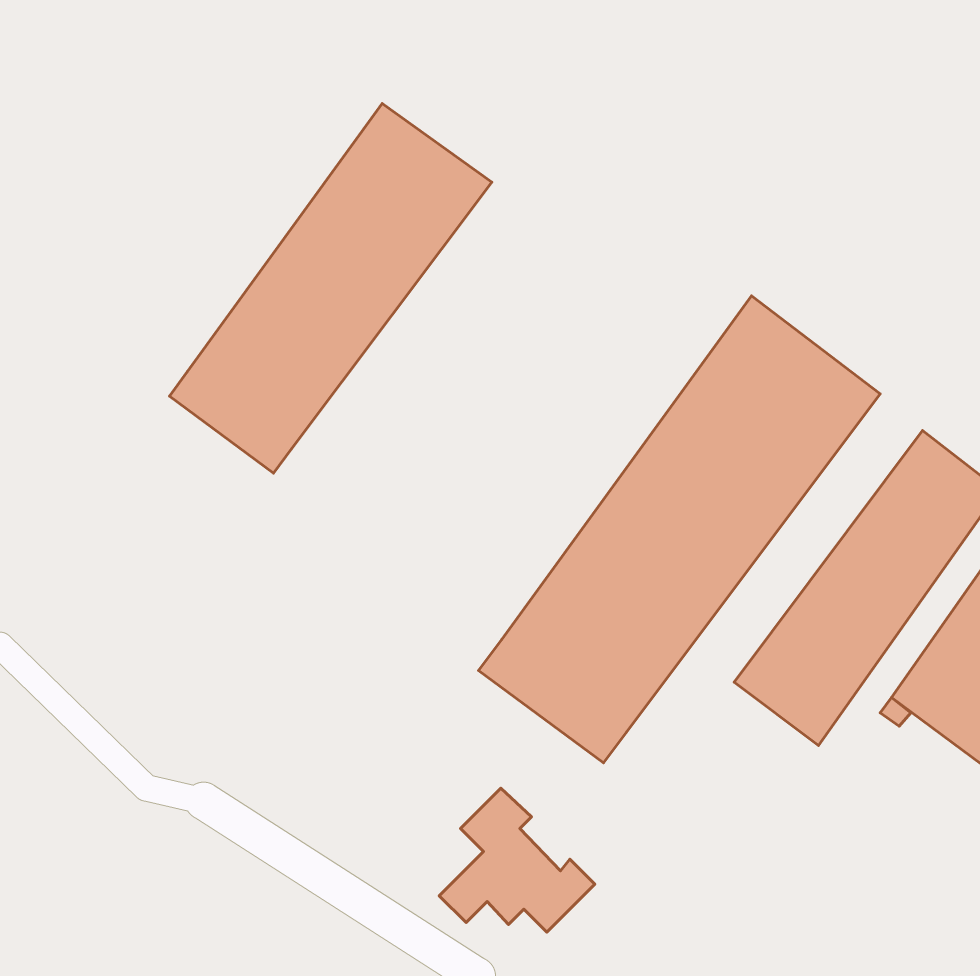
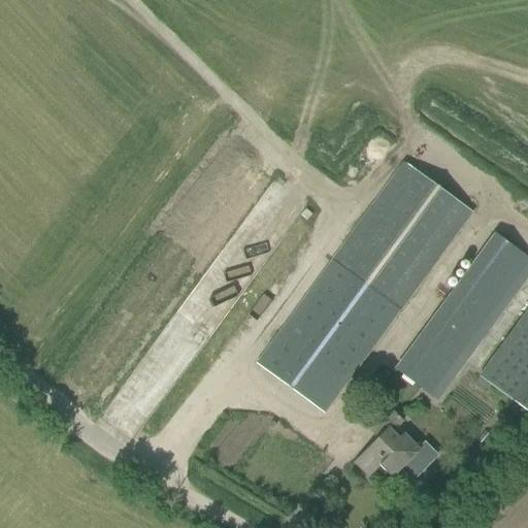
building: [169,103,492,473] -> none
building: [439,788,595,932] -> [355,402,438,480]

